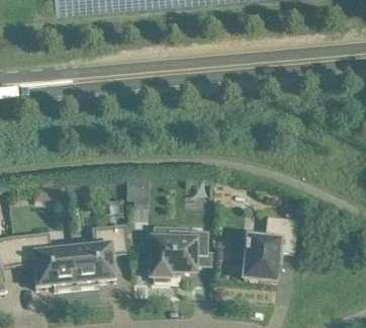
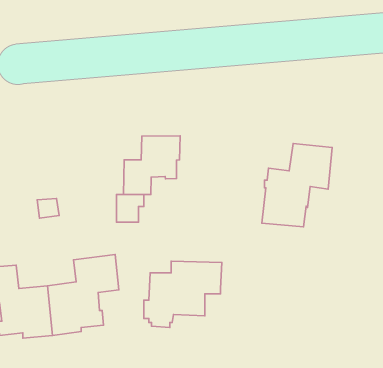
building: none -> [124,136,180,195]
building: [244,218,298,282] -> [262,144,332,227]

